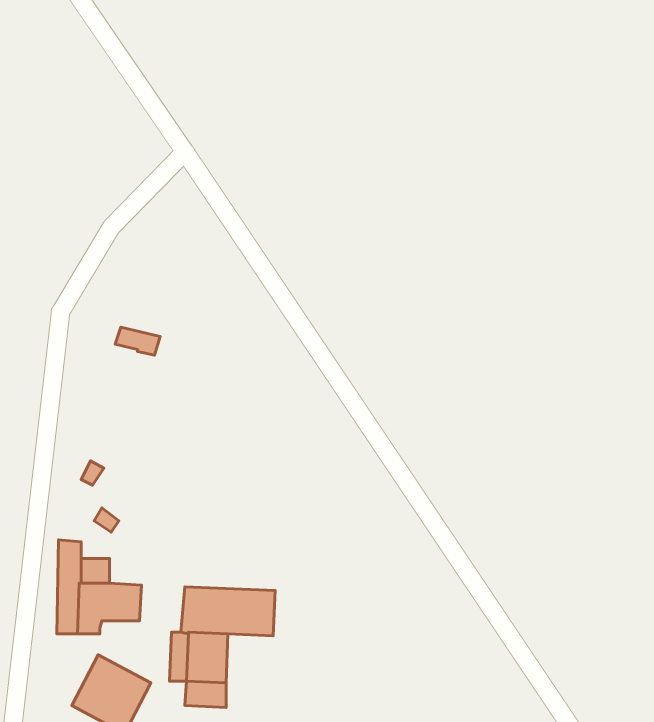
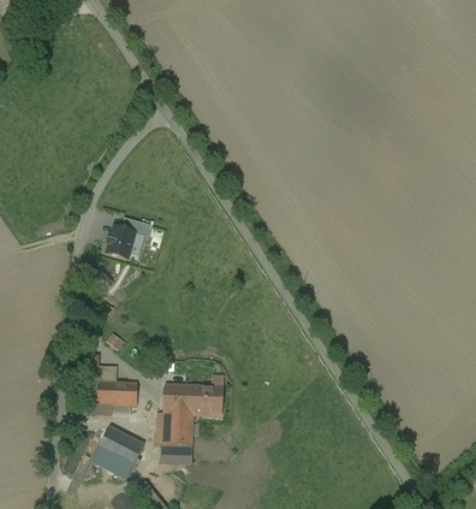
building: none -> [107,226,136,259]

